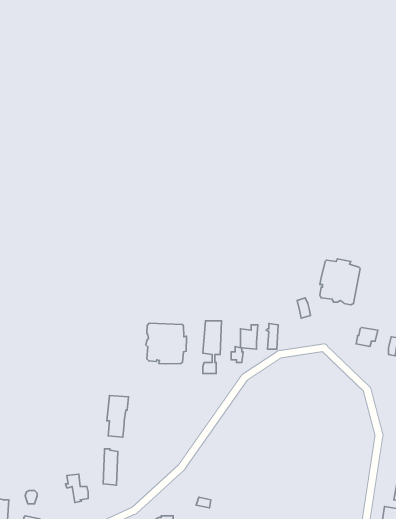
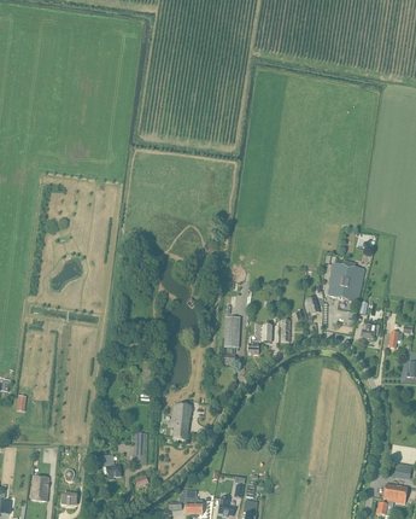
building: [146,323,187,364] -> none
building: [107,395,128,437] -> [172,403,192,441]

